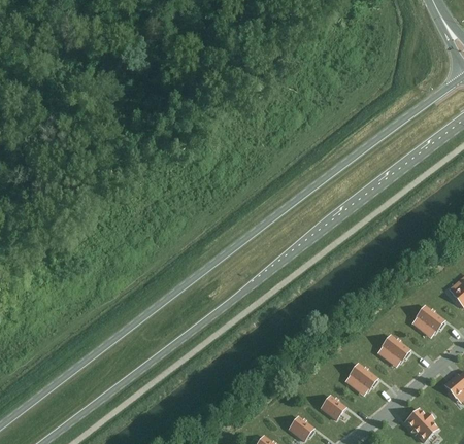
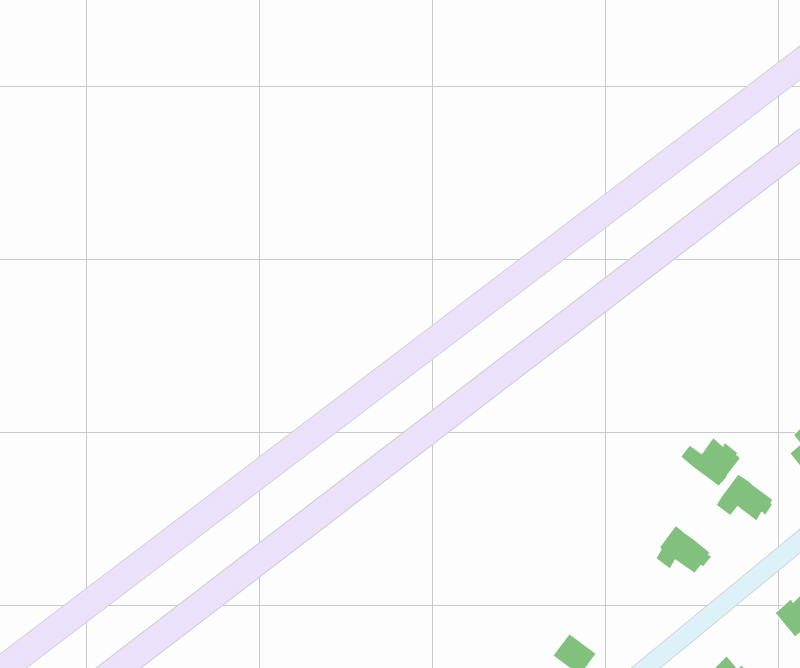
building: none -> [681,437,741,487]
building: [345,364,377,390] -> none

